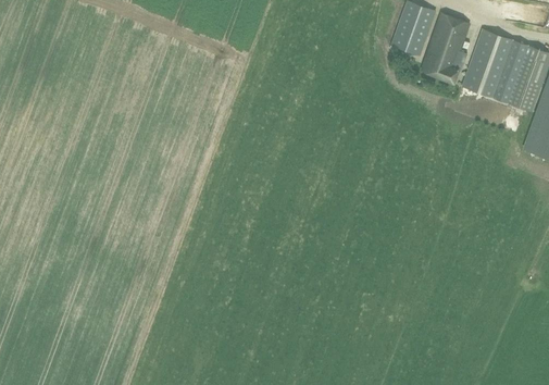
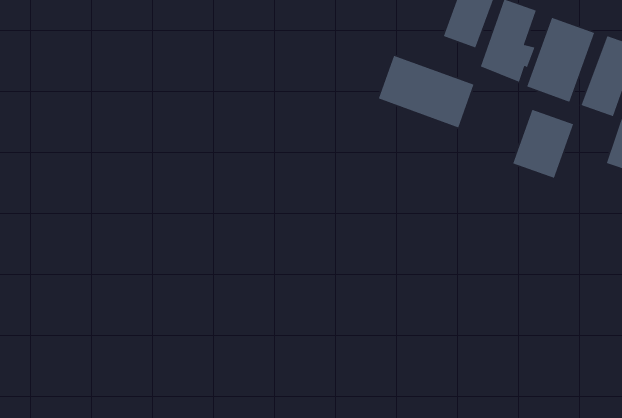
building: none -> [378,55,475,129]
building: none -> [512,109,574,179]

